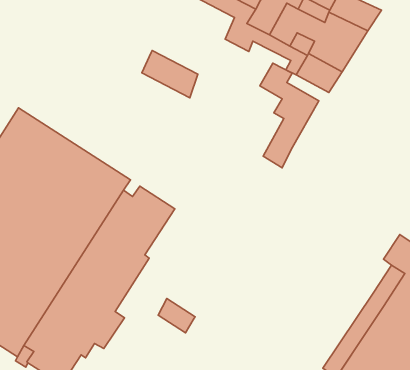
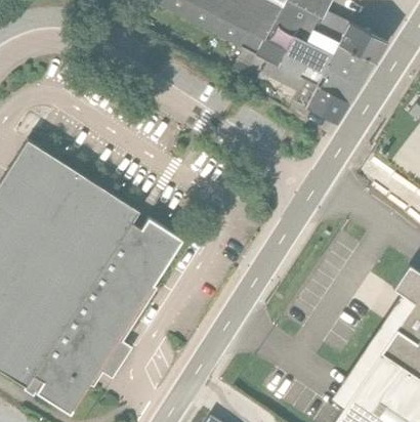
building: [142,50,198,98] -> none
building: [260,63,319,168] -> none
building: [158,299,195,333] -> none

